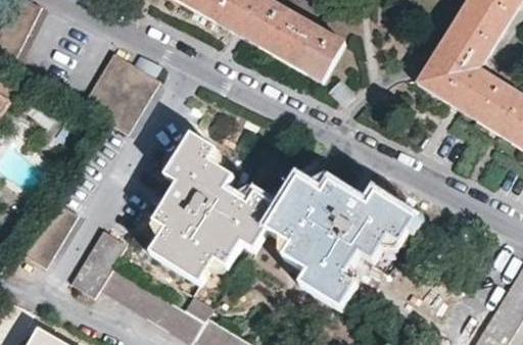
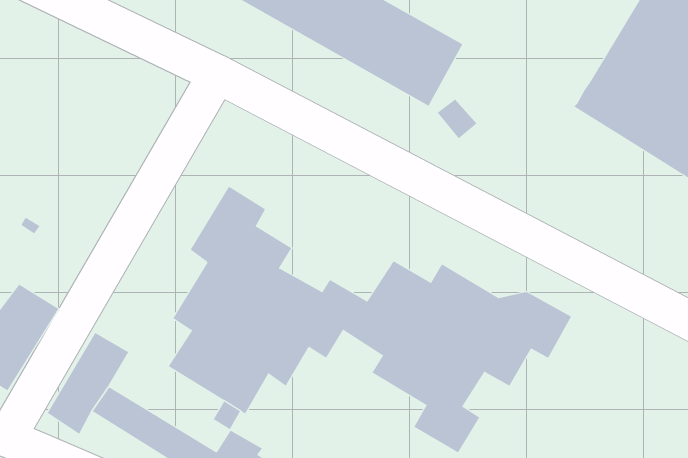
building: [82,49,159,130] -> none

